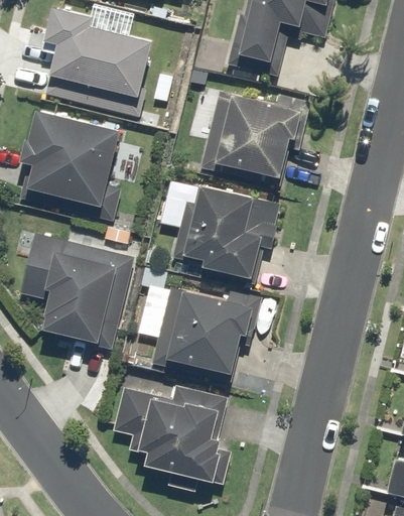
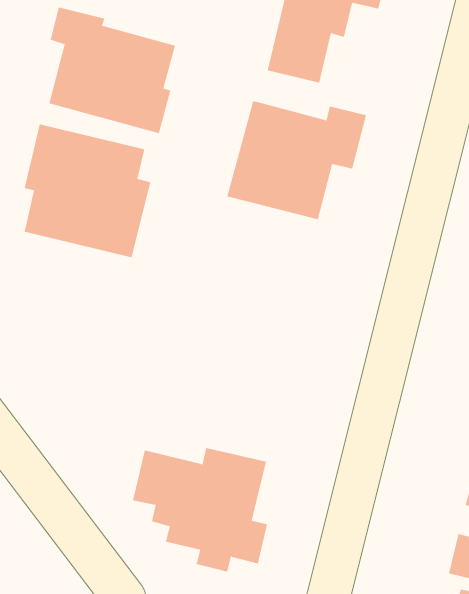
building: [172,185,264,285] -> none
building: [22,232,136,344] -> none
building: [140,266,264,382] -> none

